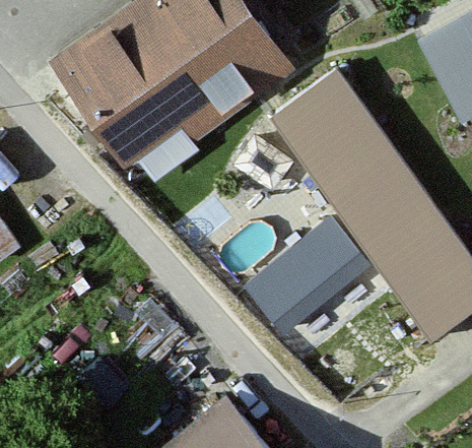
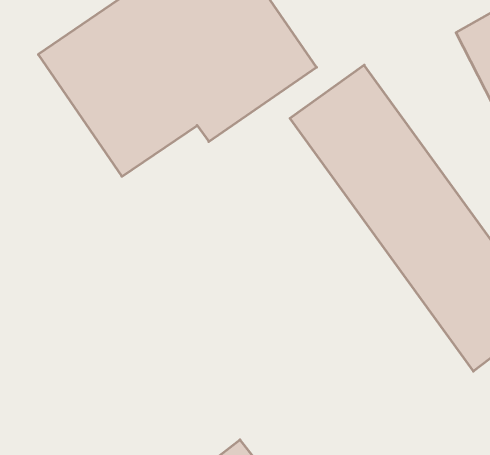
building: [246,222,367,338] -> none

